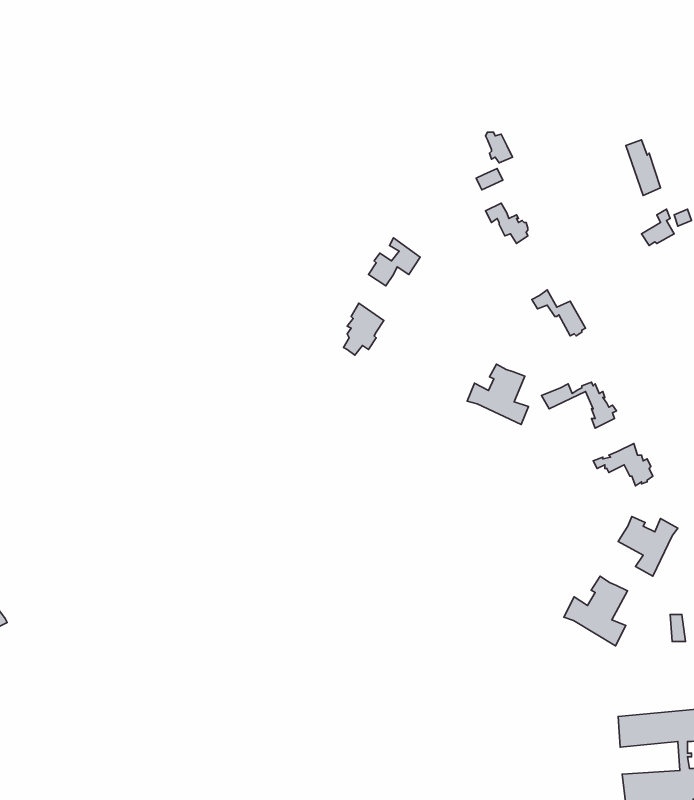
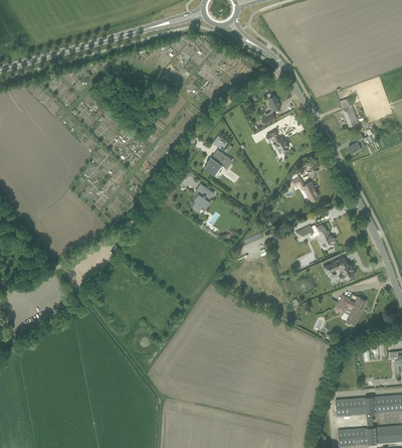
building: [467,364,528,424] -> none
building: [564,576,628,646] -> none

